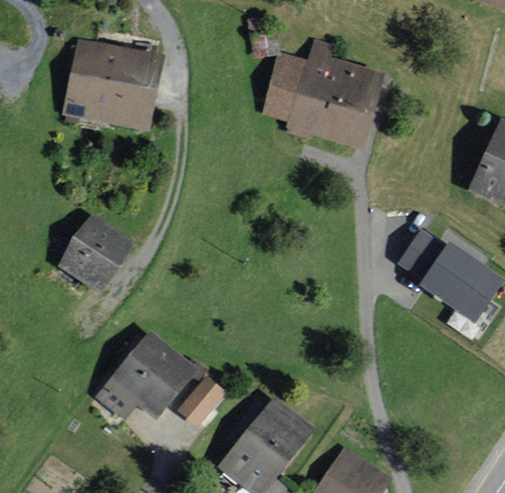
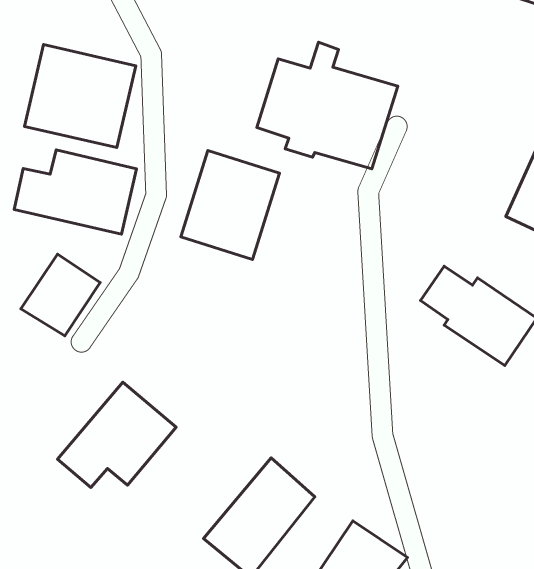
building: none -> [14,150,137,234]
building: none -> [181,151,280,259]
building: [178,376,224,424] -> none

